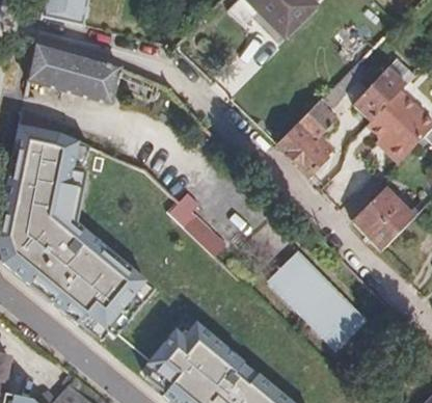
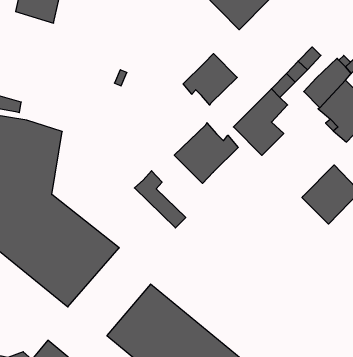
building: [27,42,119,102] -> none
building: none -> [183,54,237,105]
building: none -> [174,123,238,183]
building: [263,248,367,352] -> none

